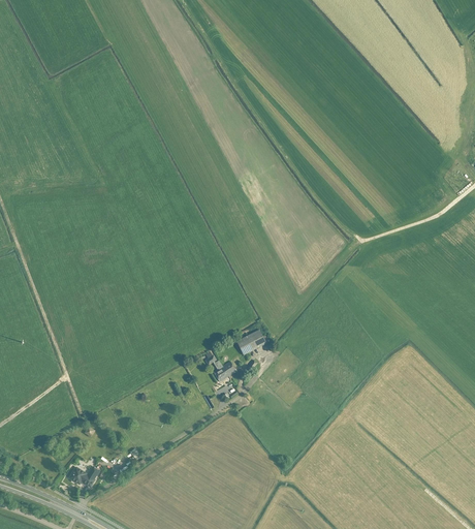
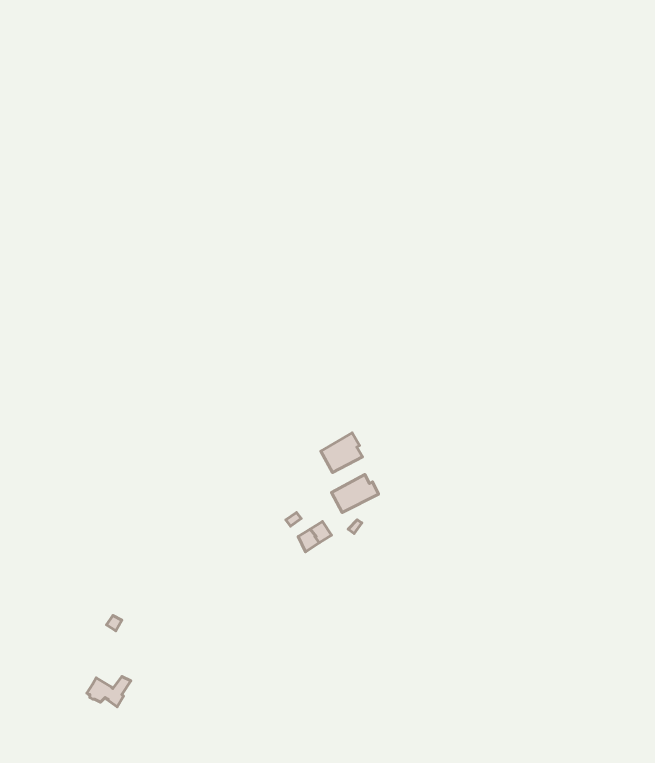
building: none -> [321,433,362,473]

